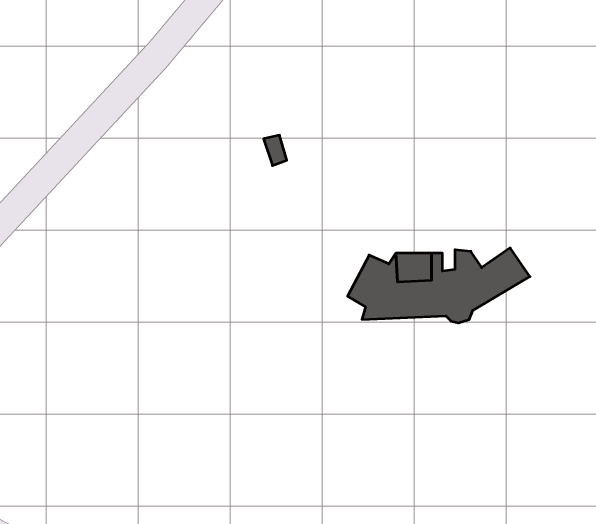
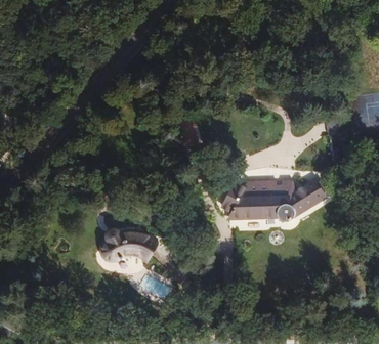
building: none -> [100,229,155,261]

